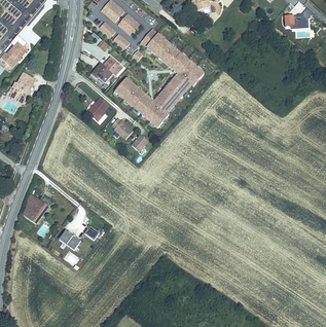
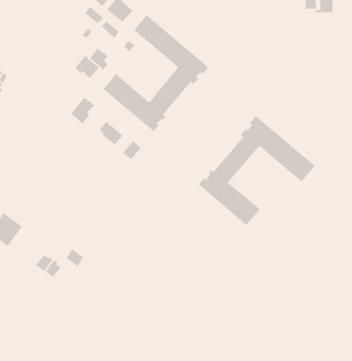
building: none -> [198,115,316,226]

